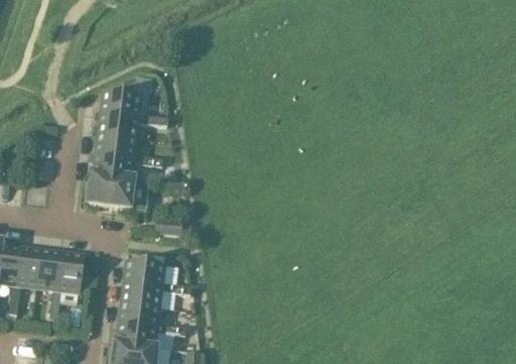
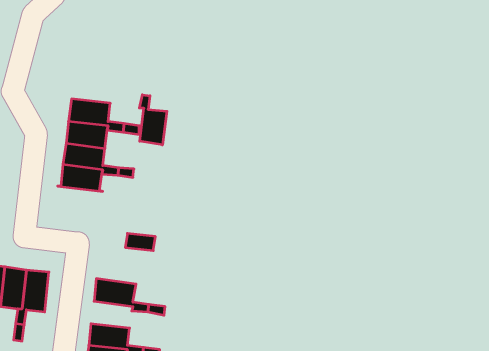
building: none -> [139,95,167,145]
building: [86,175,132,211] -> none
building: [121,283,160,309] -> none

